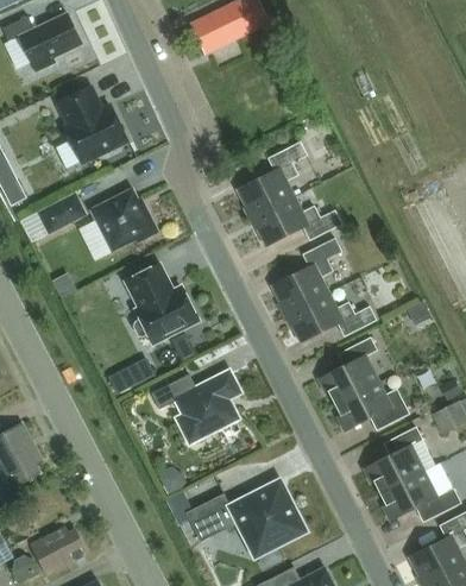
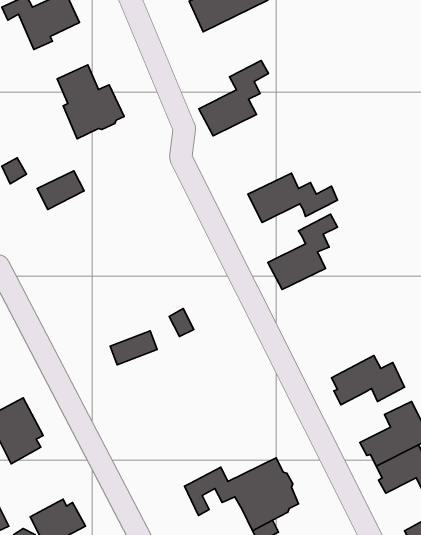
building: [237,141,307,218] -> [199,60,268,136]
building: [90,188,158,251] -> none
building: [127,265,197,341] -> none
building: [285,292,376,341] -> none
building: [319,336,378,403] -> none
building: [151,372,239,441] -> none

